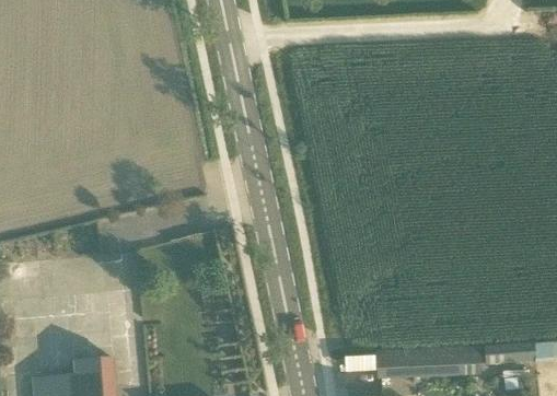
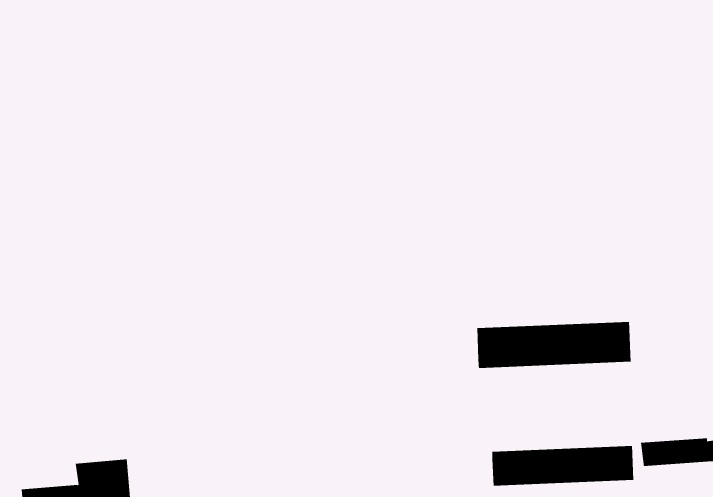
building: none -> [477,321,631,369]

